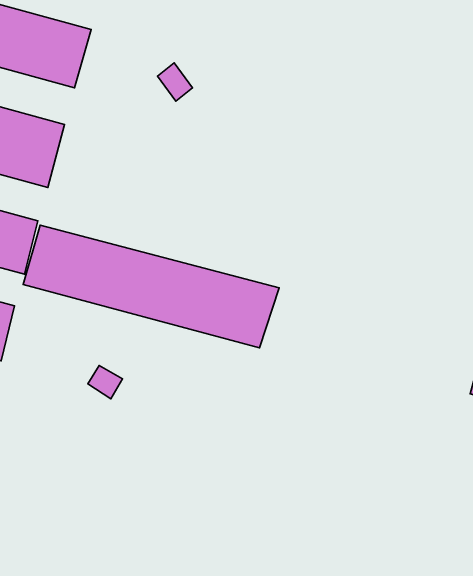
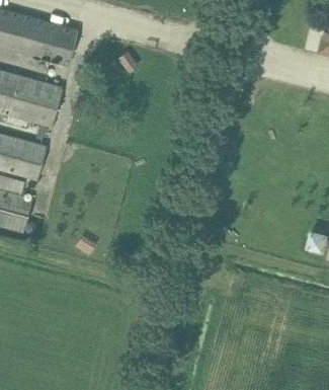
building: [23,225,279,348] -> none

